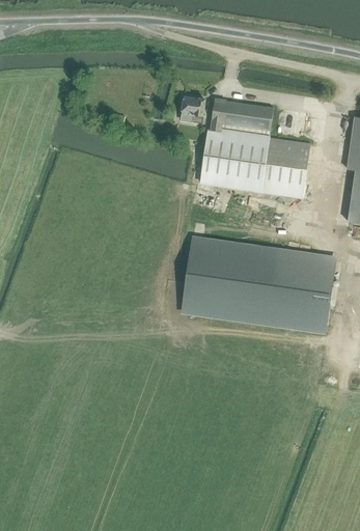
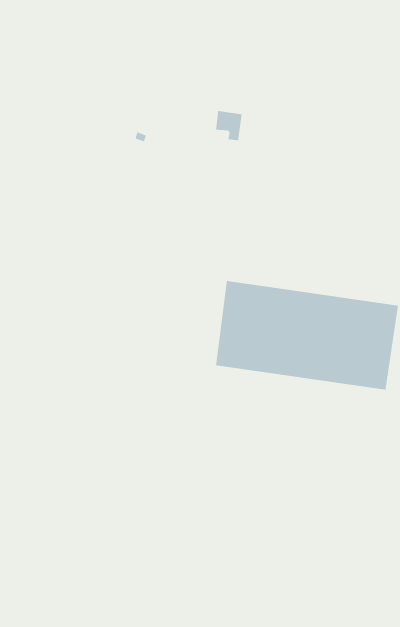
building: [199,97,309,196] -> none

